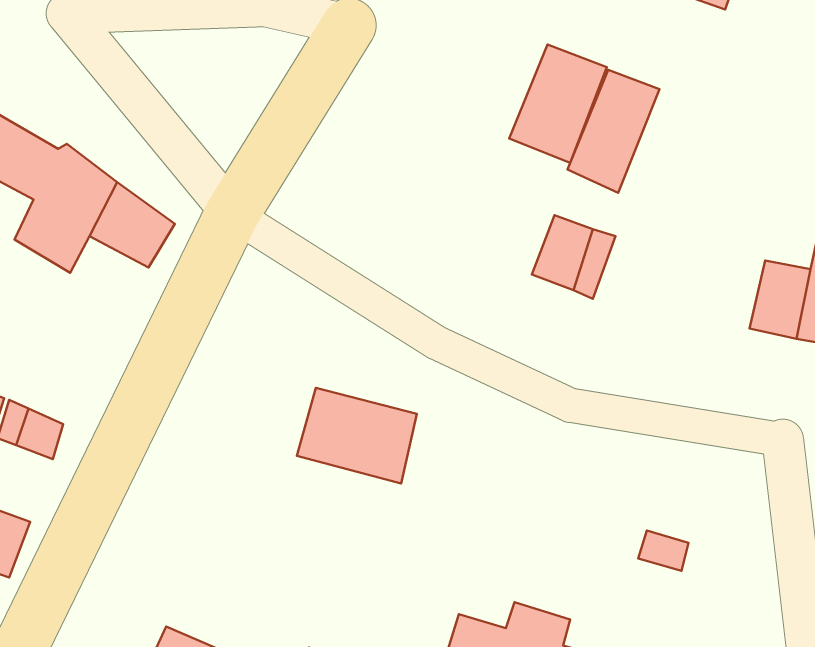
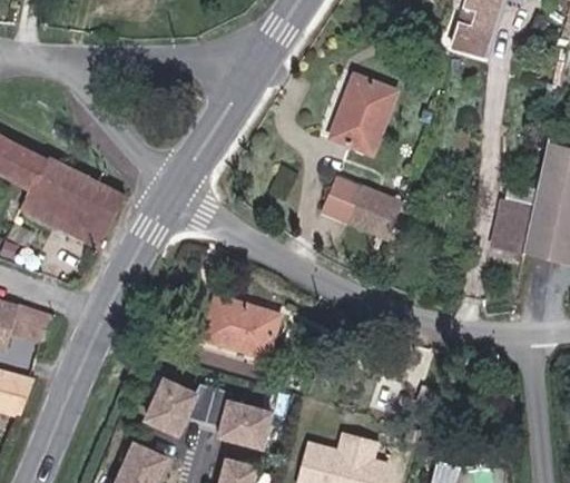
building: [568,70,659,193] -> none
building: none -> [327,177,370,226]
building: none -> [60,201,110,246]
building: none -> [132,386,259,450]

